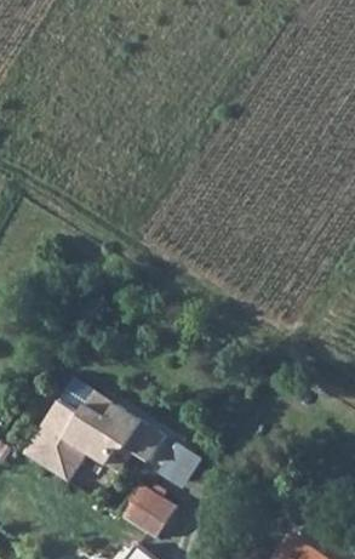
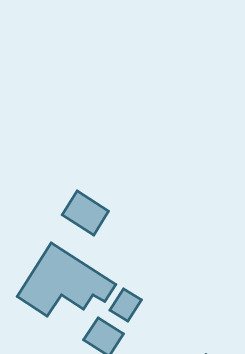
building: none -> [62,191,109,235]

